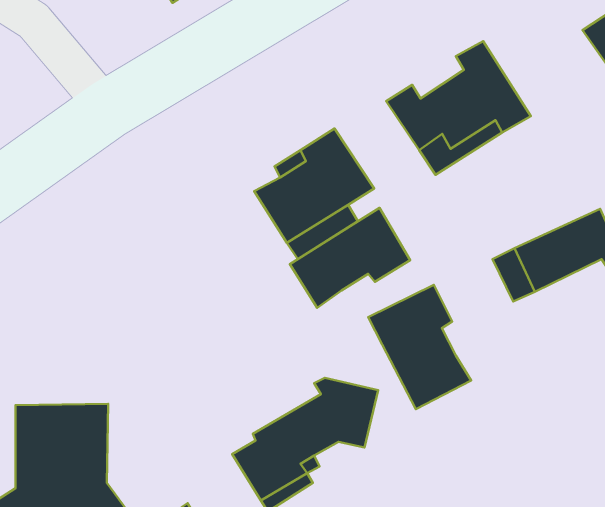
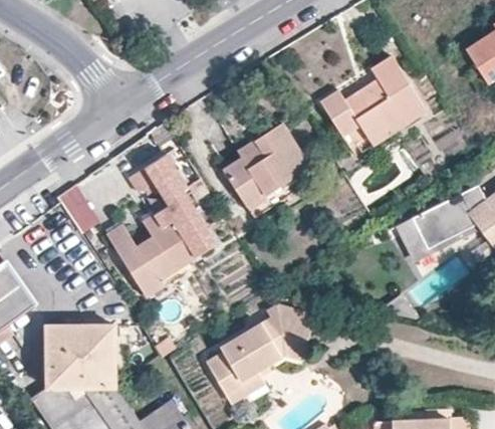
building: none -> [107,156,215,295]
building: [290,208,410,308] -> none
building: none -> [57,187,100,236]
building: [368,285,471,409] -> none

